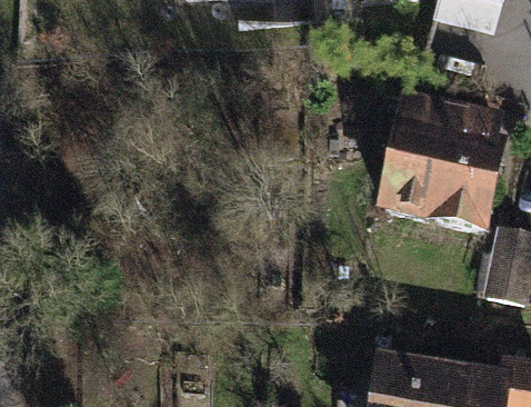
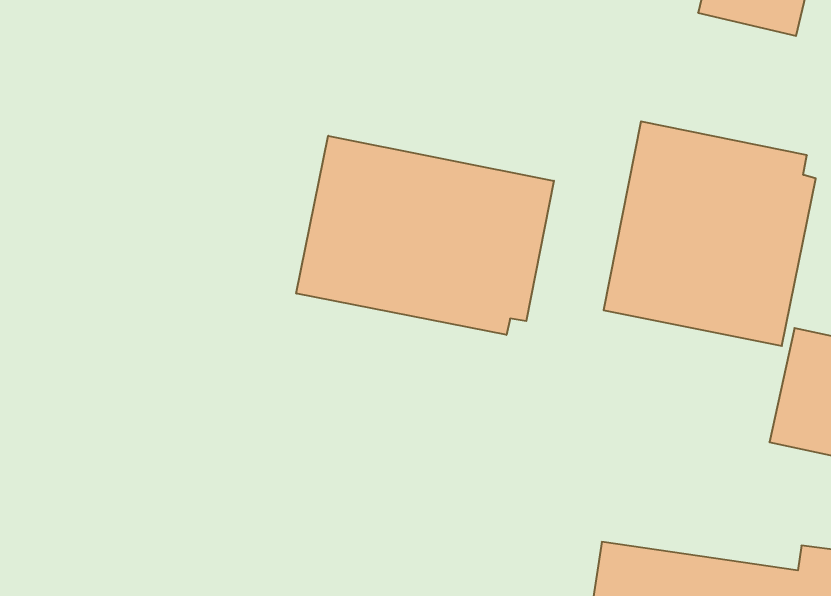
building: none -> [296,136,554,335]

